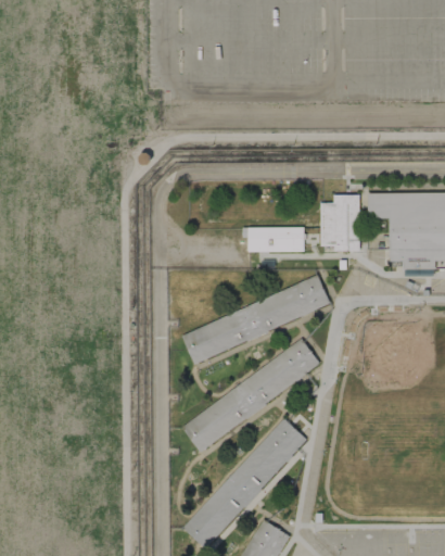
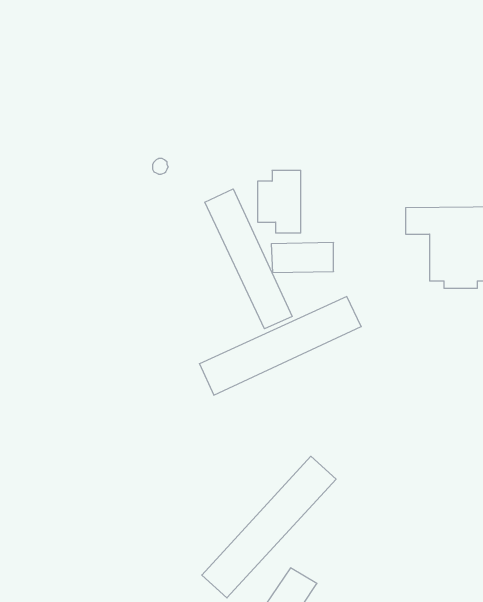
building: none -> [205,189,292,329]
building: [321,195,360,252] -> [258,170,301,233]
building: [185,339,319,451] -> none

